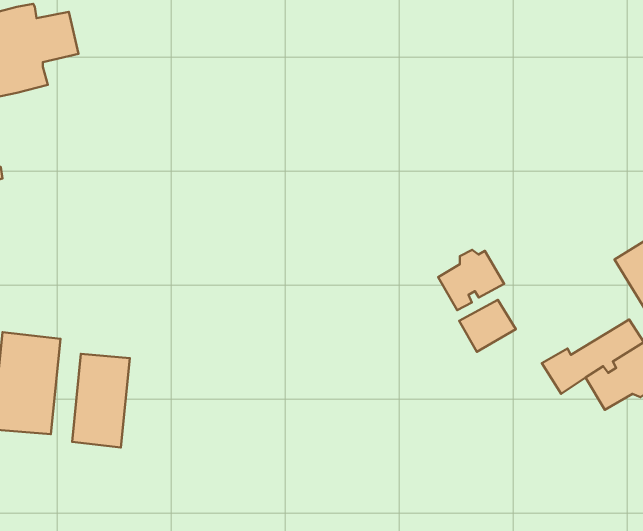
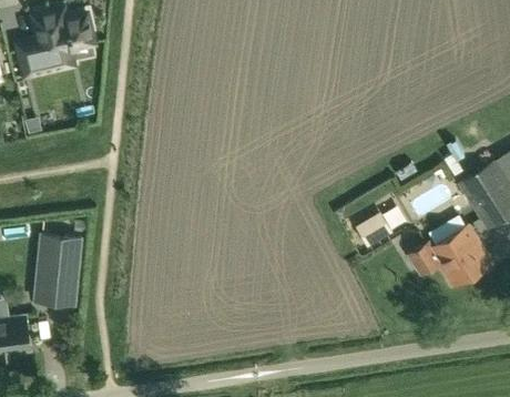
building: [438,250,504,310] -> none
building: [72,354,130,447] -> none

